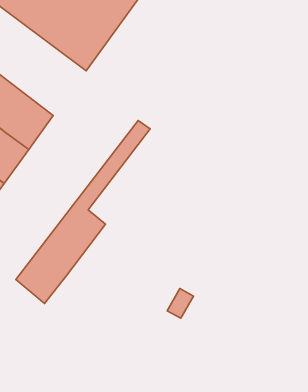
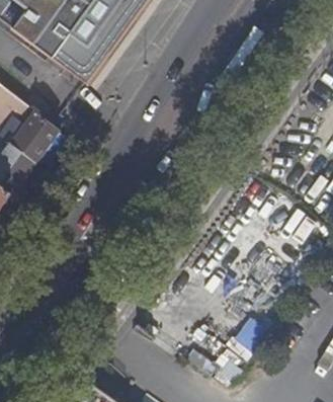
building: [16,121,150,303] -> none

